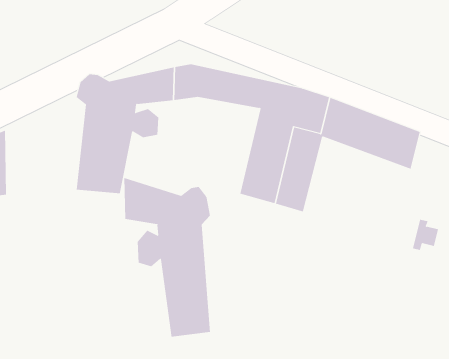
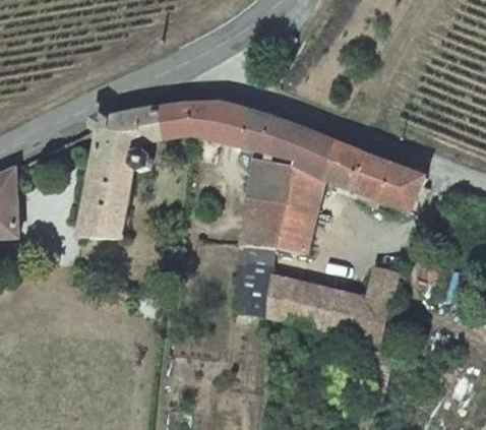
building: [124,177,210,338] -> none
building: none -> [227,233,399,341]

